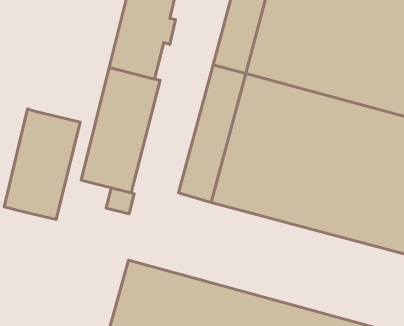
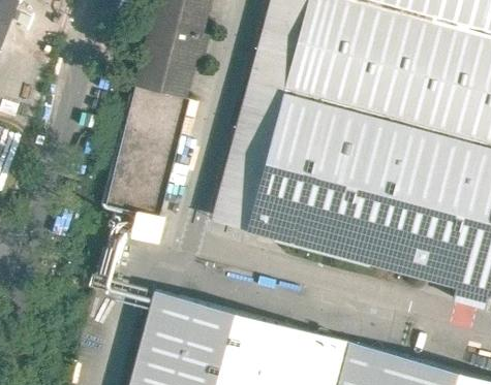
building: [4,109,80,219] -> none

